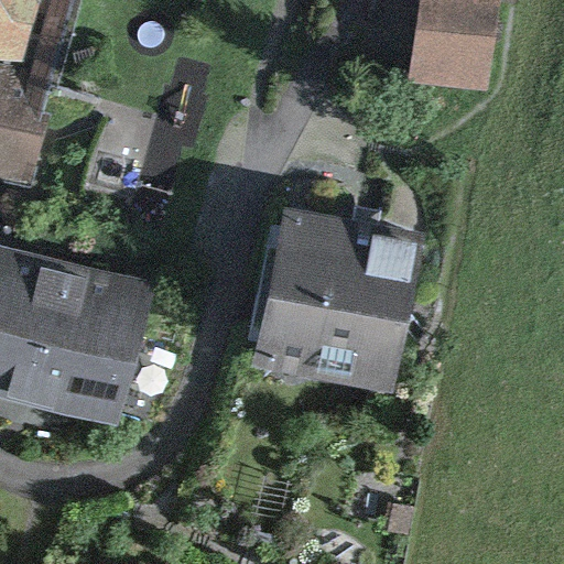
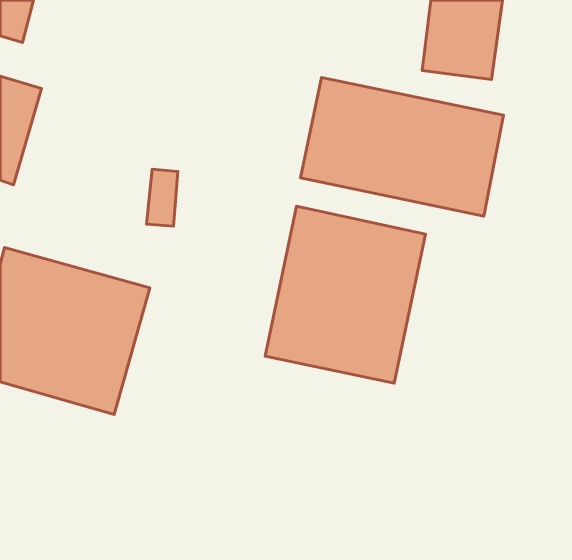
building: none -> [301,77,504,216]

